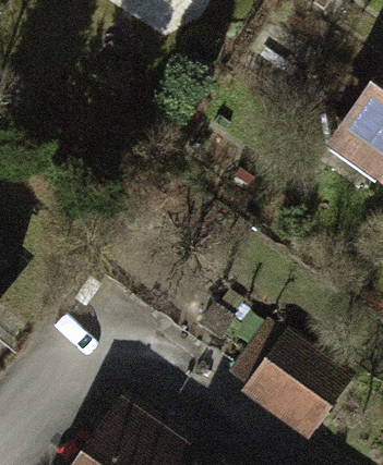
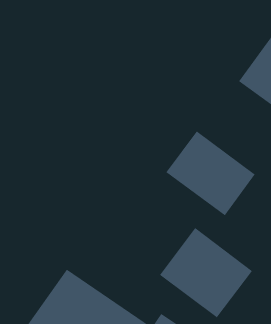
building: none -> [165,130,256,216]

